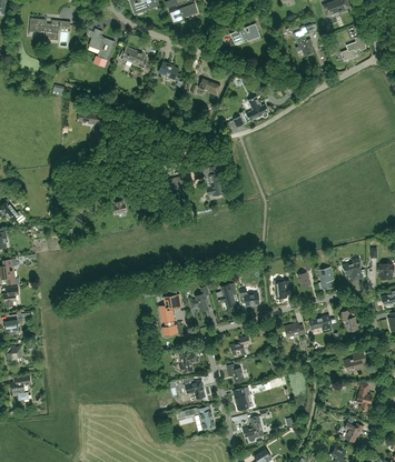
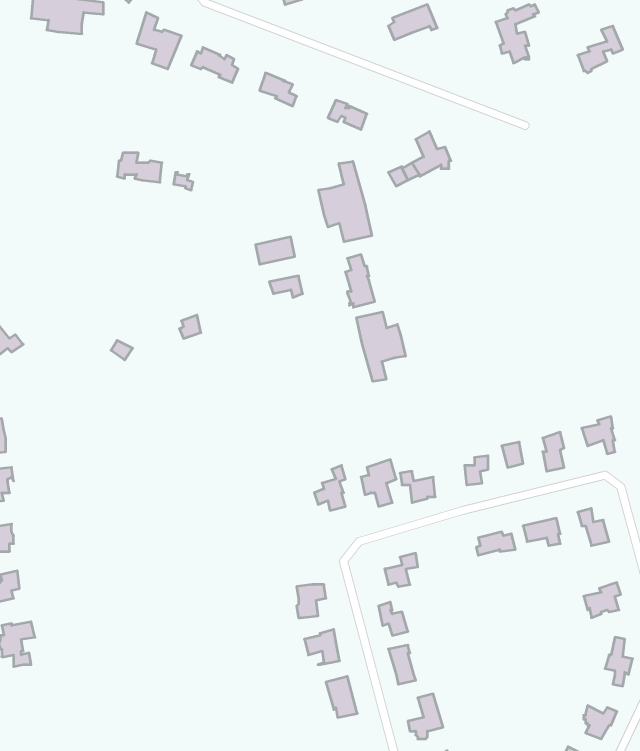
building: none -> [319,161,372,242]
building: none -> [357,312,405,381]
building: [158,293,182,337] -> none

